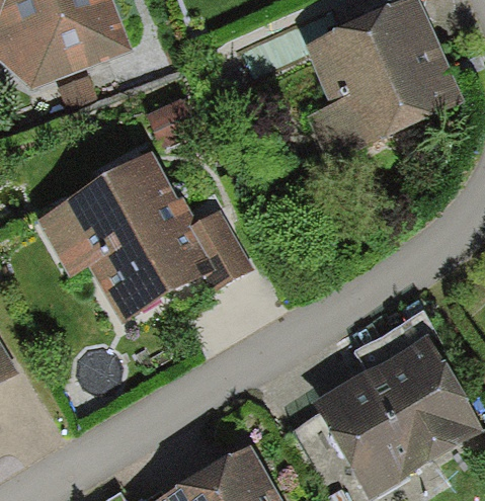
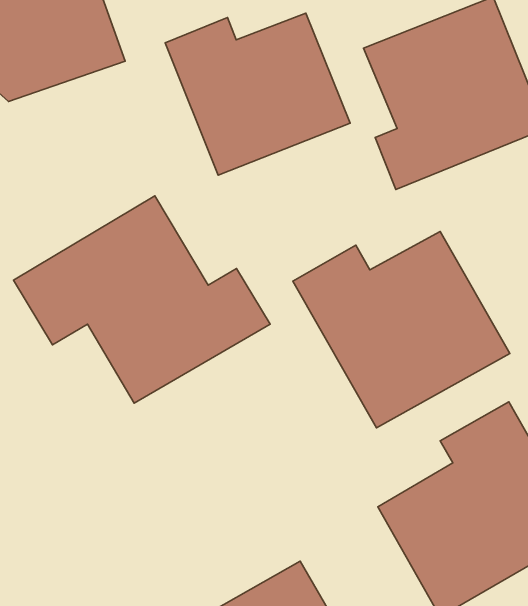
building: none -> [165,13,350,175]
building: none -> [293,231,510,428]

